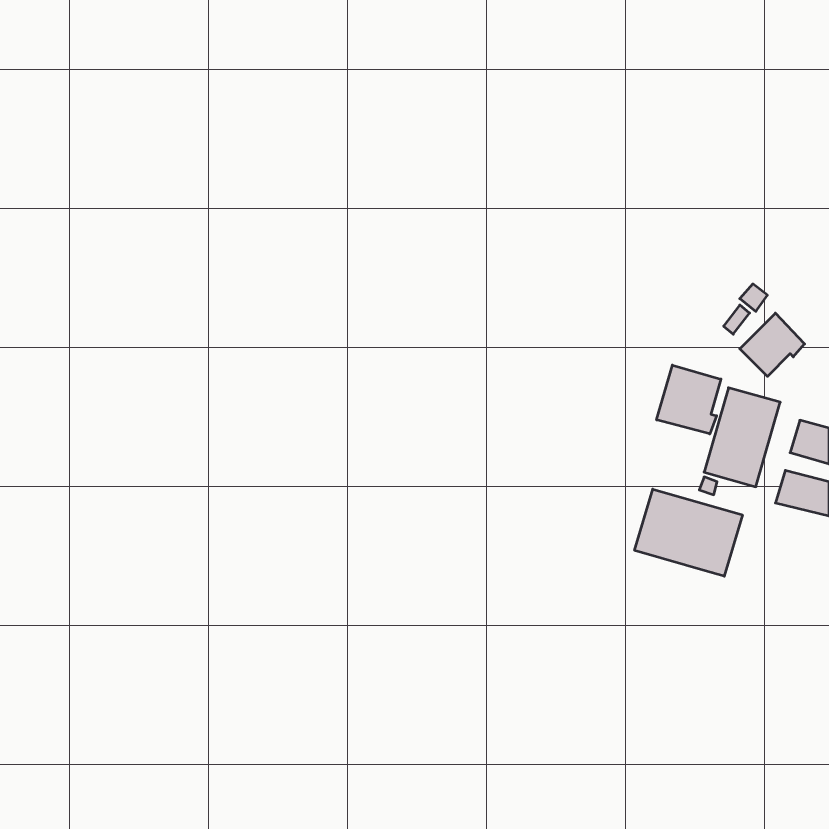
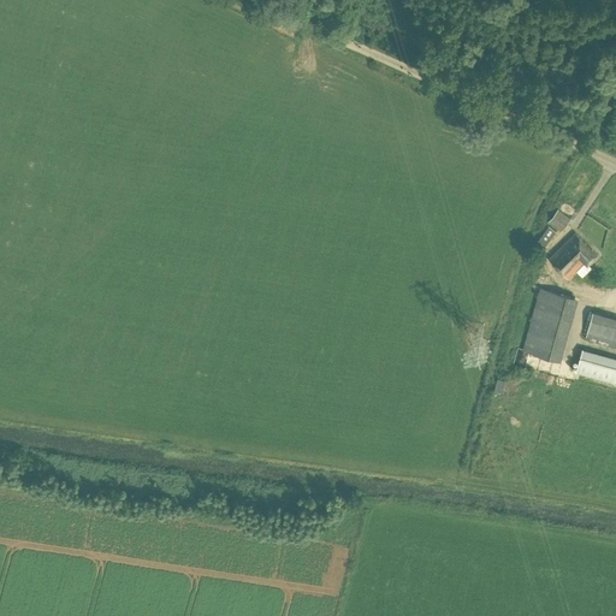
building: [657,365,721,434] -> none
building: [635,489,742,576] -> none

